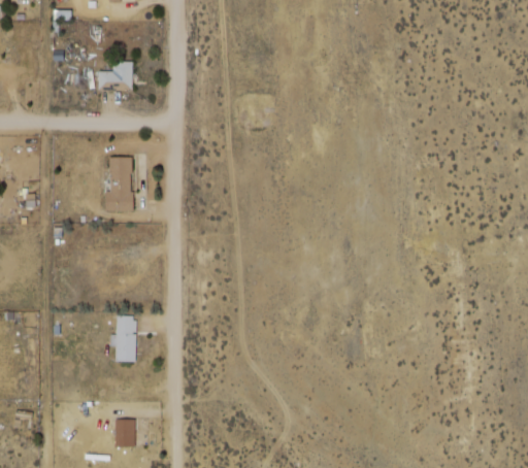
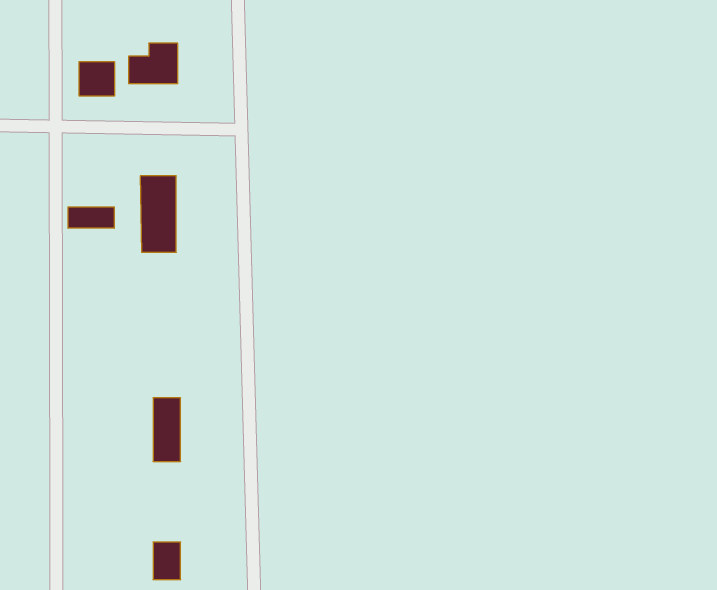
building: none -> [79,62,114,96]
building: none -> [68,207,114,228]

